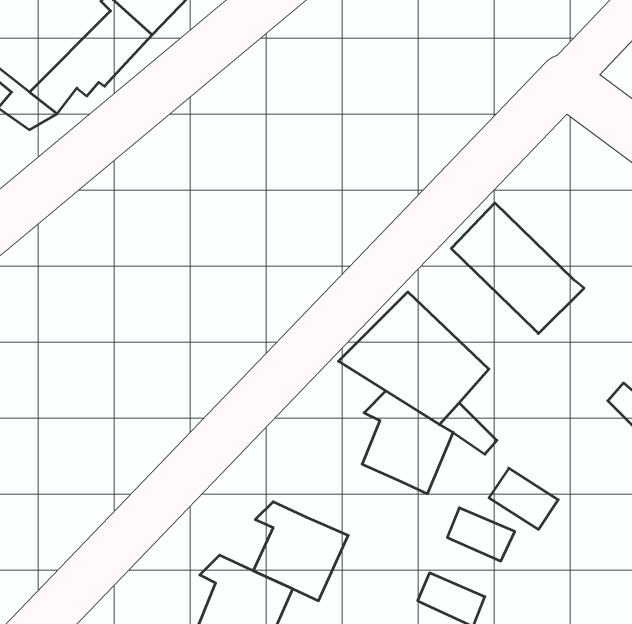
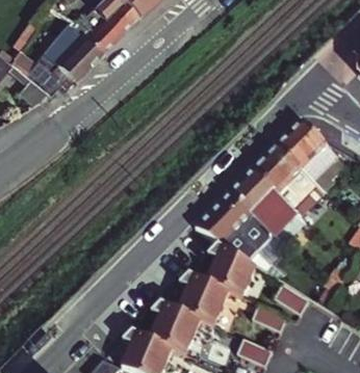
building: none -> [277,121,334,185]
building: none -> [231,168,298,234]
building: none -> [178,273,228,325]

